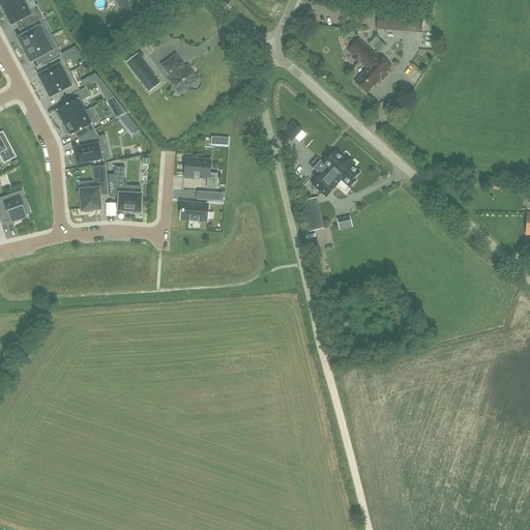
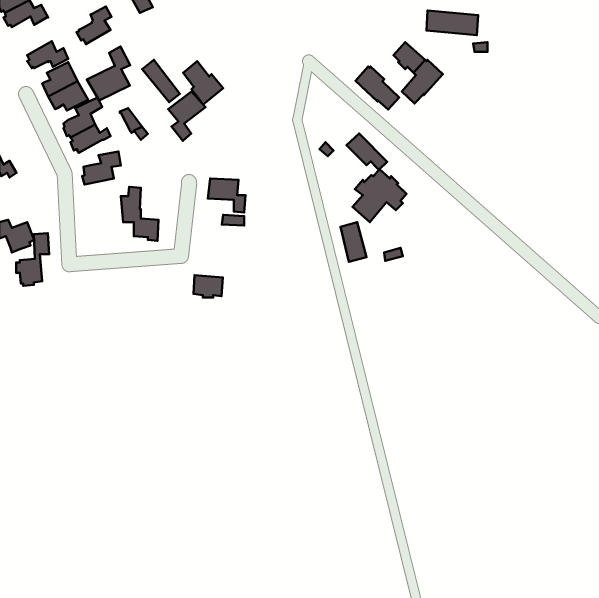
building: [16,16,47,49] -> [76,6,112,44]
building: none -> [87,46,130,100]
building: none -> [355,67,399,109]
building: none -> [168,91,206,141]
building: none -> [346,134,387,170]
building: [77,165,106,211] -> [16,233,49,286]
building: [180,201,206,220] -> [193,275,223,298]

